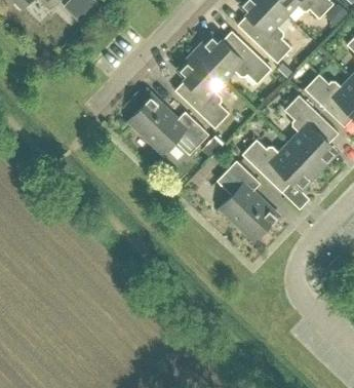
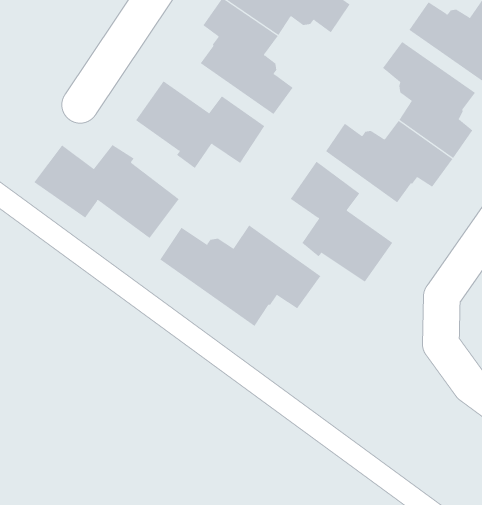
building: none -> [34,144,179,239]
building: none -> [160,224,321,327]

